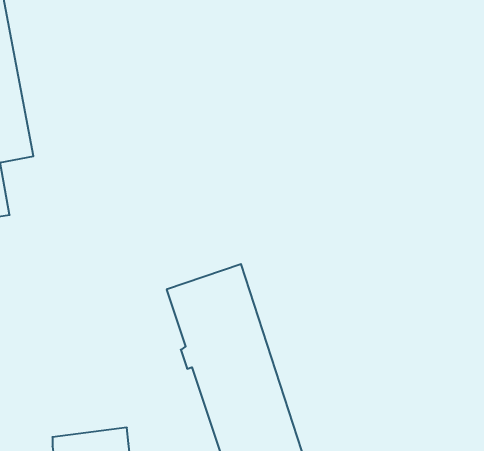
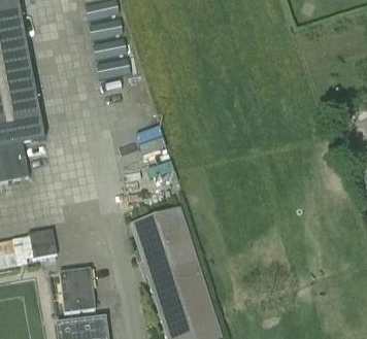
building: none -> [28,228,58,257]
building: none -> [60,267,95,312]

